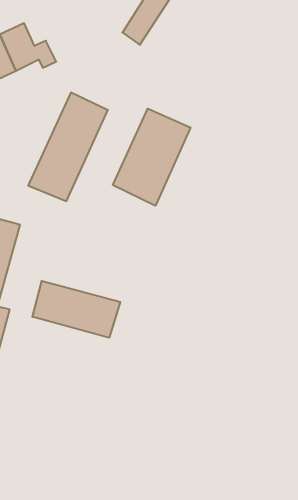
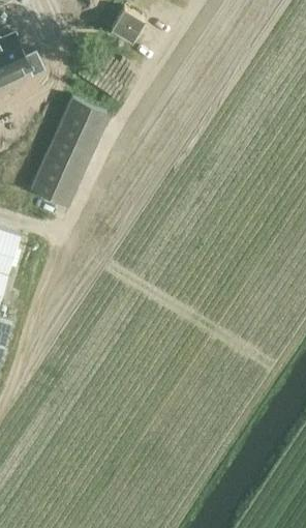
building: [113,109,191,206] -> none
building: [32,281,120,338] -> none

